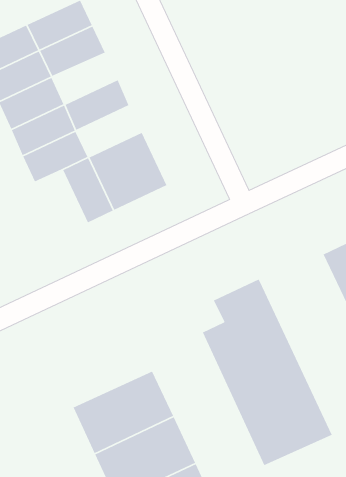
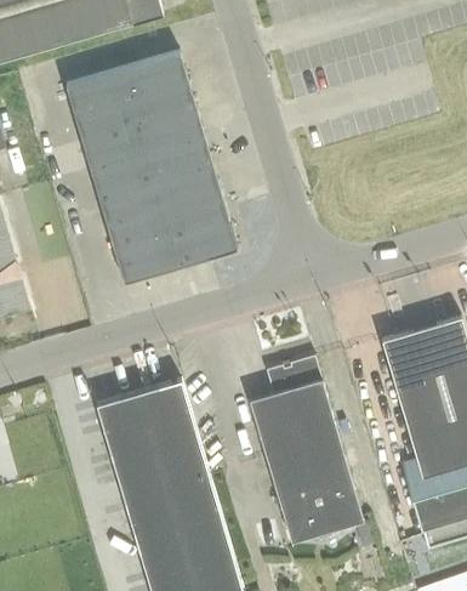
building: none -> [138,108,204,153]
building: none -> [154,164,220,209]
building: none -> [106,217,152,283]
building: none -> [95,380,194,454]

